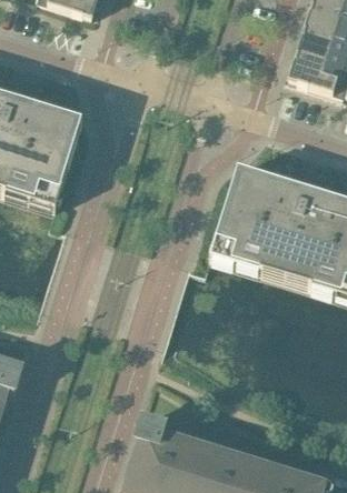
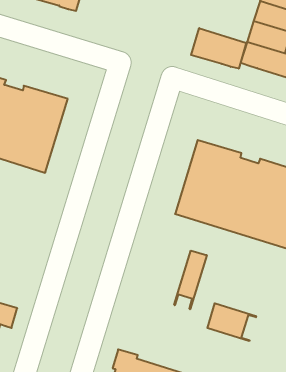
building: none -> [191,28,246,69]
building: none -> [174,251,207,309]
building: none -> [207,303,256,341]

